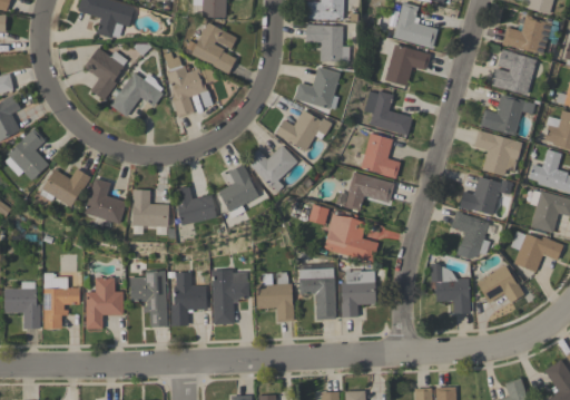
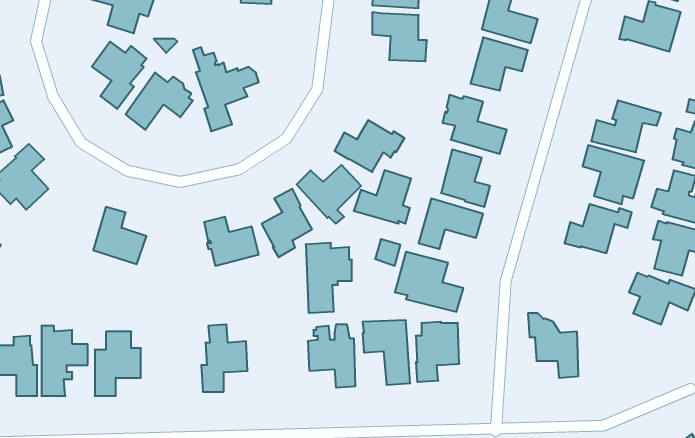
building: [191,22,236,74] -> none
building: [491,49,537,95] -> none
building: [294,67,340,109] -> [354,170,411,224]
building: [40,168,90,207] -> none
building: [132,189,169,234] -> none
building: [450,209,490,260] -> none
building: [476,265,524,303] -> none
building: [212,269,248,324] -> [306,243,352,313]
building: [129,271,167,328] -> none

